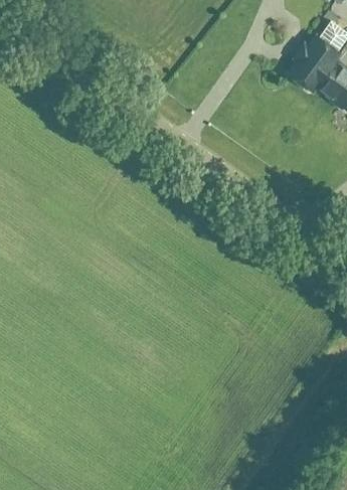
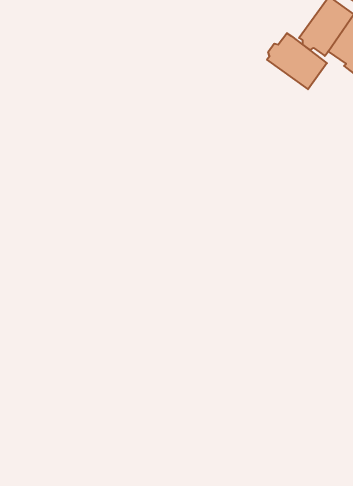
building: none -> [267,33,327,89]

